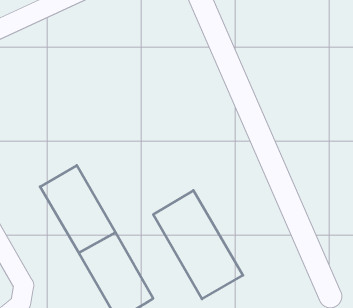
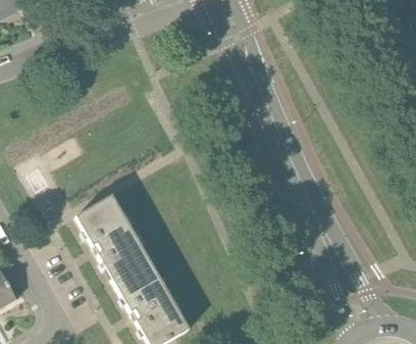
building: [153,190,243,299] -> none

